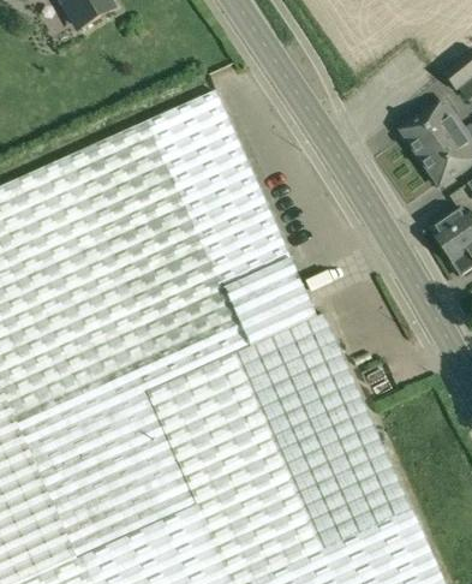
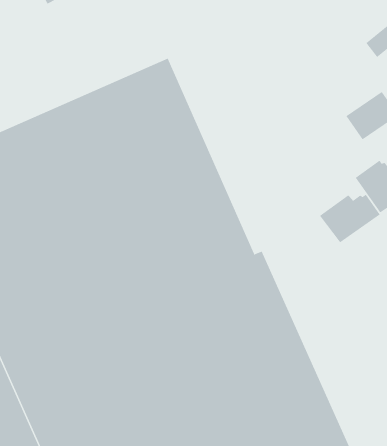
building: [401,103,462,160] -> none
building: none -> [319,194,381,243]

